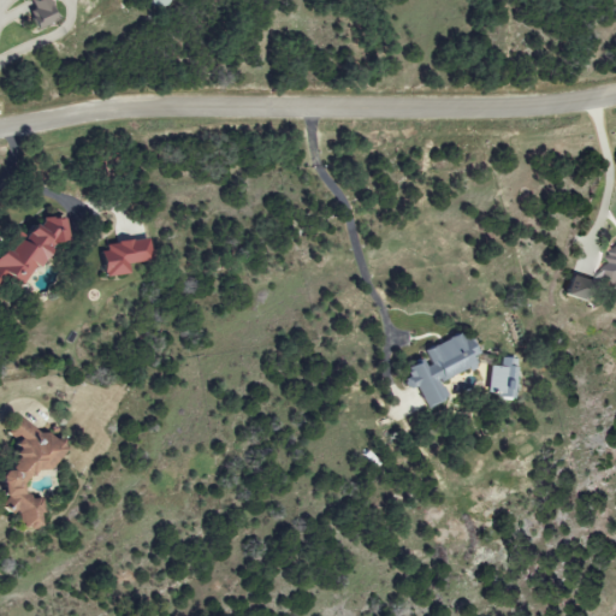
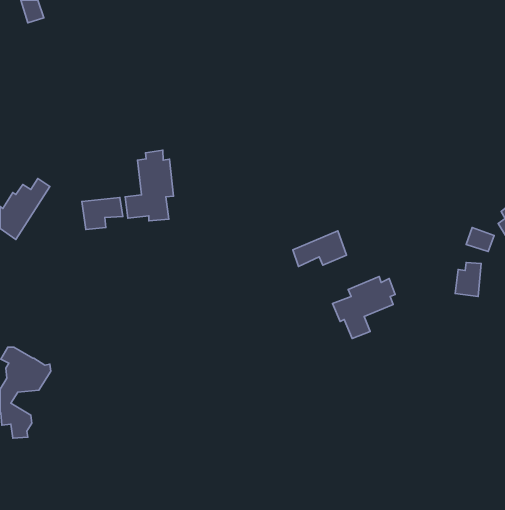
building: none -> [125,150,173,221]
building: none -> [293,231,347,266]
building: [490,357,521,398] -> [455,262,481,296]

